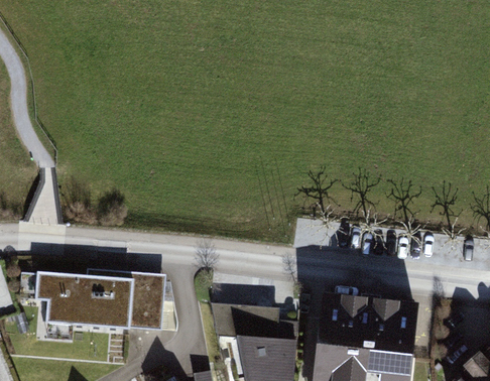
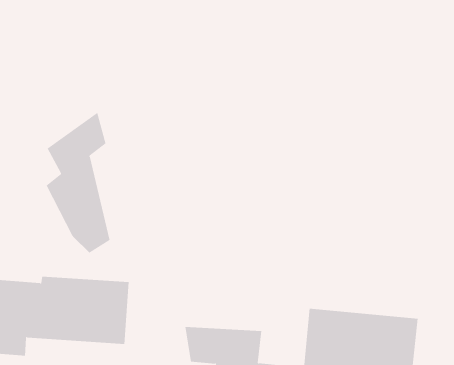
building: none -> [46,112,110,254]

